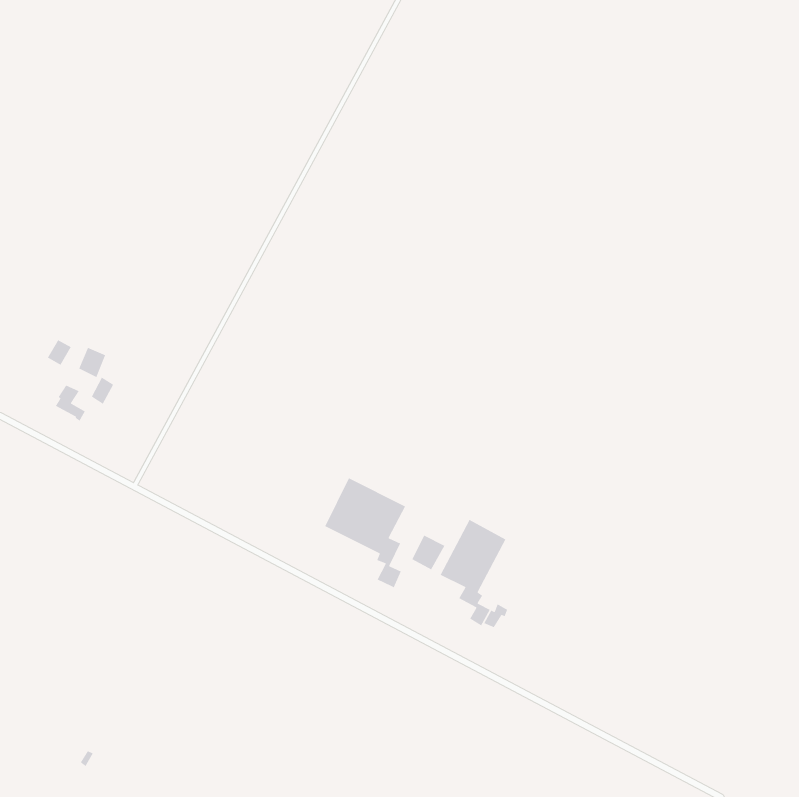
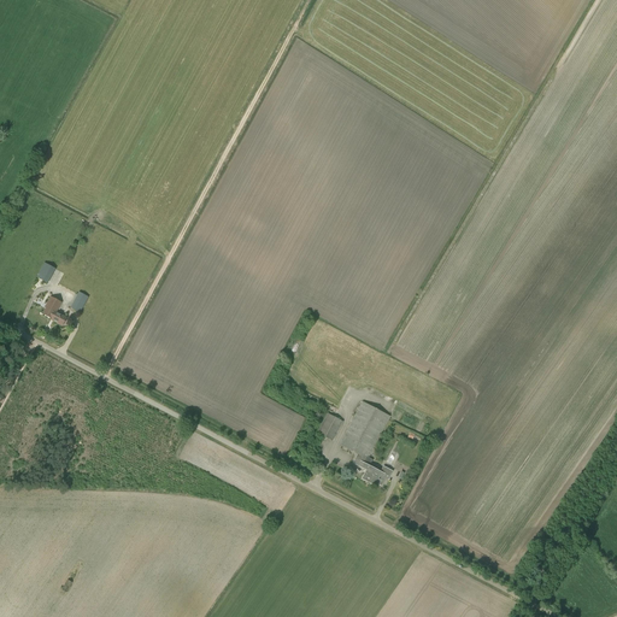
building: [324,477,406,588] -> none

